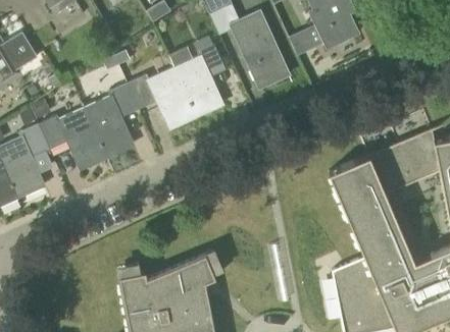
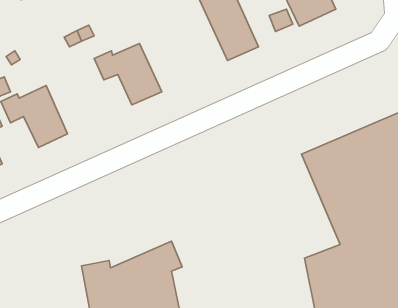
building: [173,44,221,113] -> none
building: [85,85,133,153] -> none

